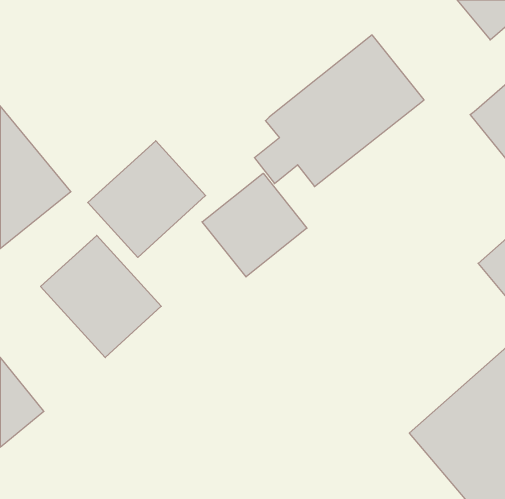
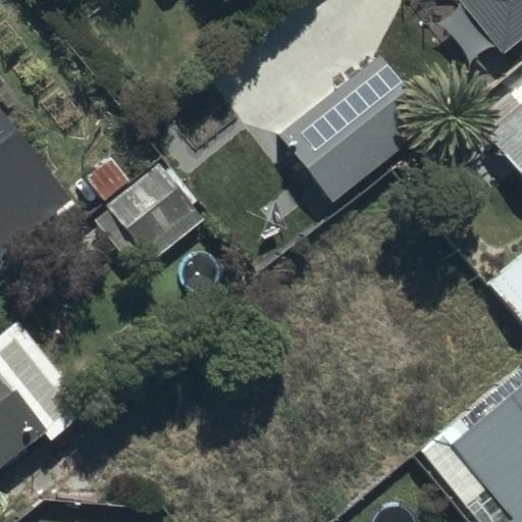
building: [202,173,307,277] -> none
building: [41,235,161,358] -> none

